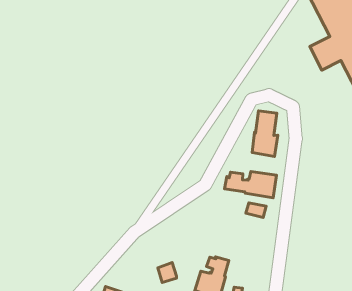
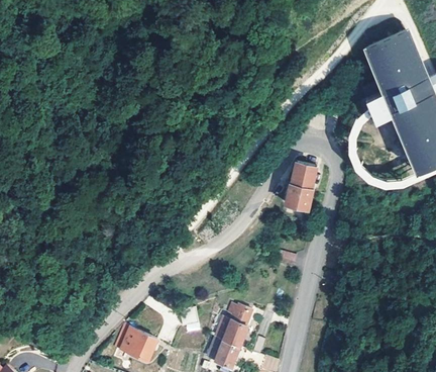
building: [225,171,276,198] -> none

